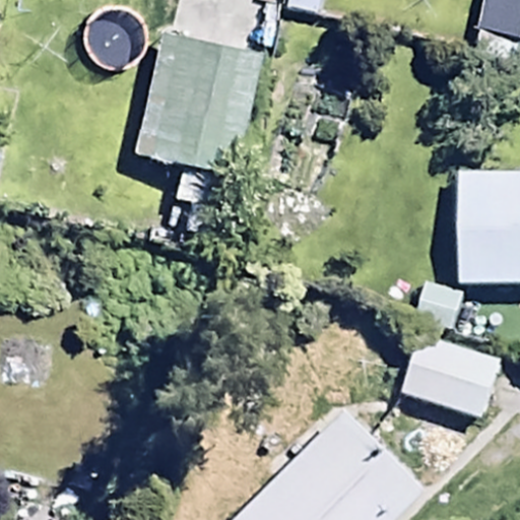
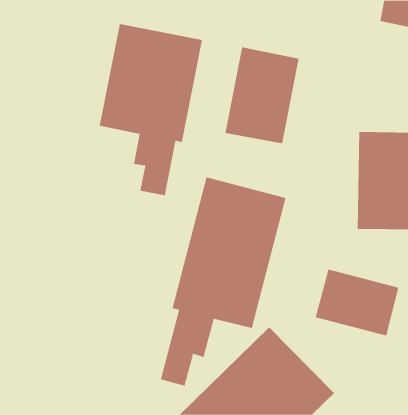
building: none -> [225,46,299,144]
building: none -> [160,177,286,387]

